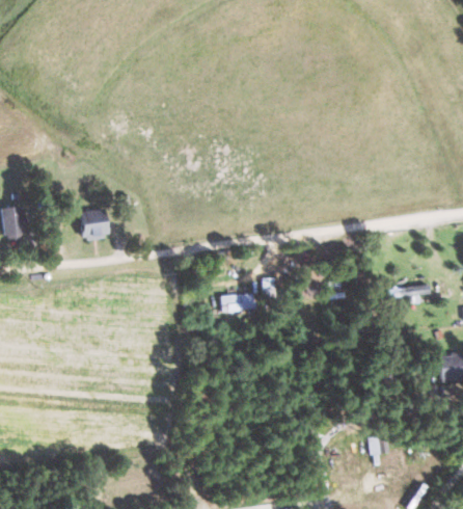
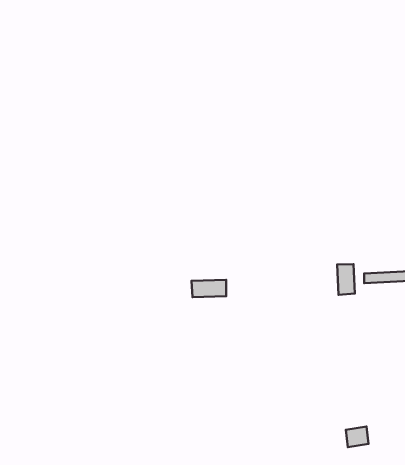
building: [79,210,107,240] -> none
building: none -> [337,264,355,295]

